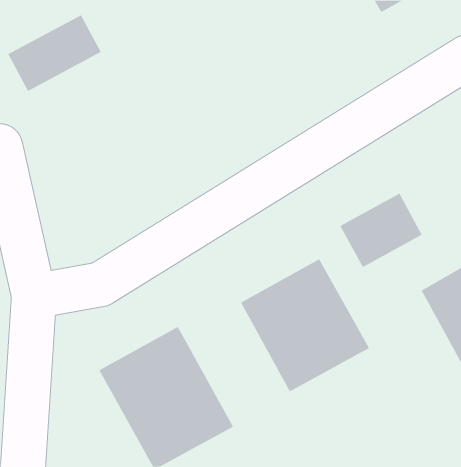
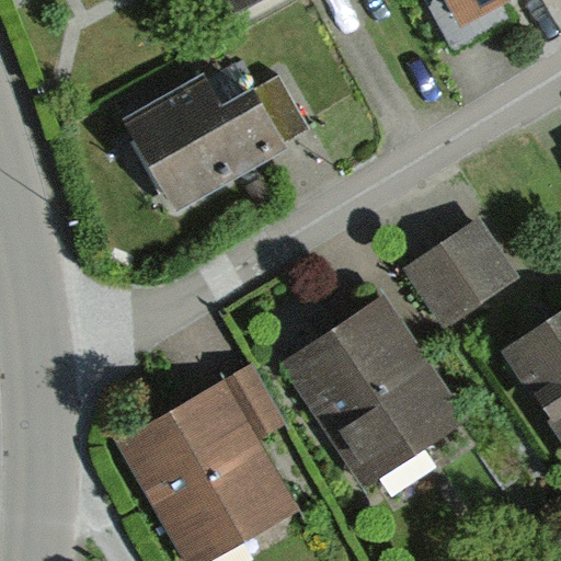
building: [7,14,101,92] -> none
building: none -> [126,77,280,202]

